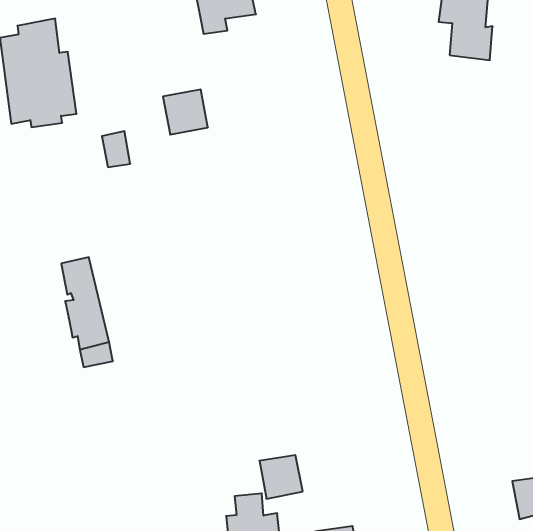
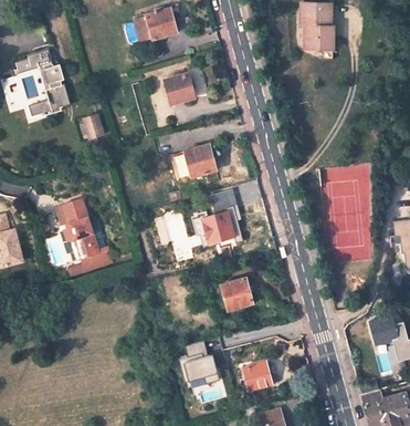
building: [163,89,208,135] -> [165,73,196,104]
building: none -> [185,144,215,176]
building: none -> [204,211,233,242]
building: [259,455,303,499] -> [222,279,252,309]

